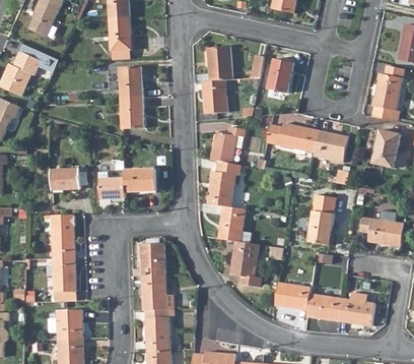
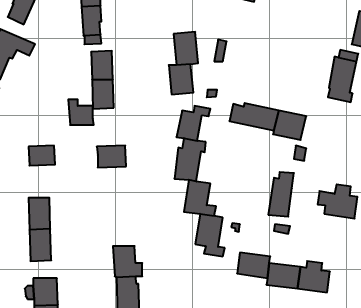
building: [267,58,293,93] -> none
building: [371,128,400,168] -> none
building: [98,171,126,198] -> [68,99,94,125]
building: [140,242,164,276] -> none

